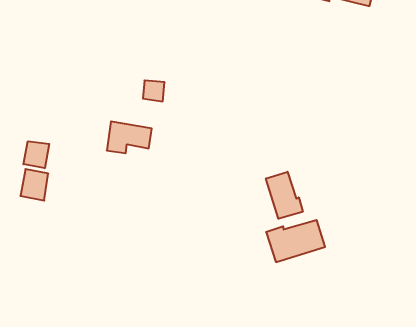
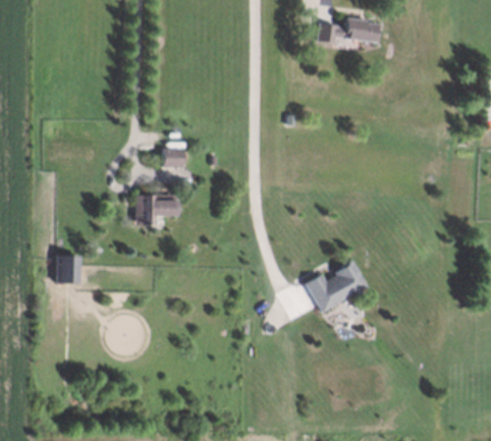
building: [23,141,49,168] -> none
building: [266,172,303,219] -> none

